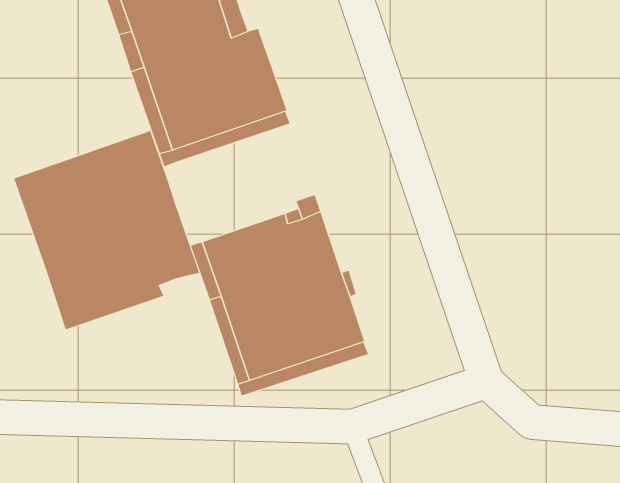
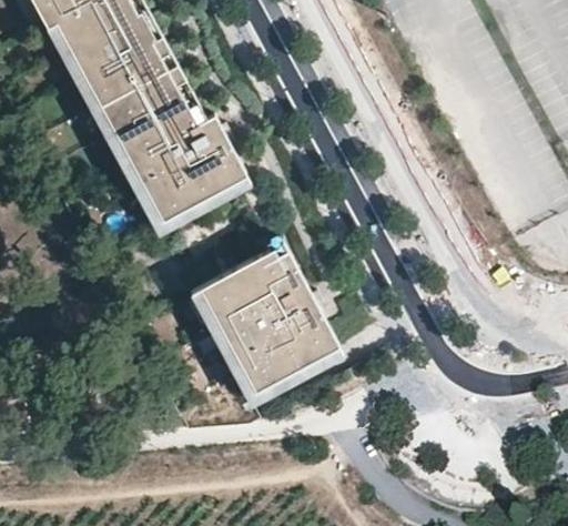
building: [13,130,200,330] -> none

